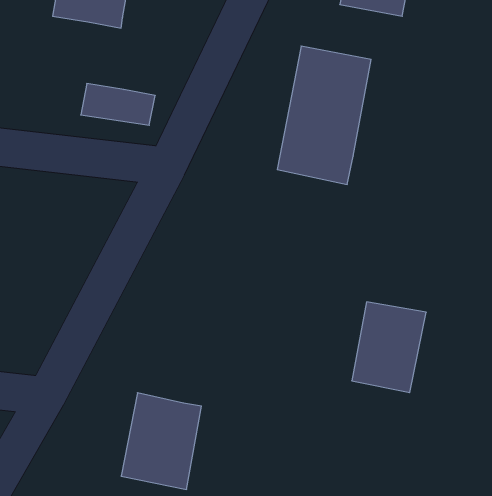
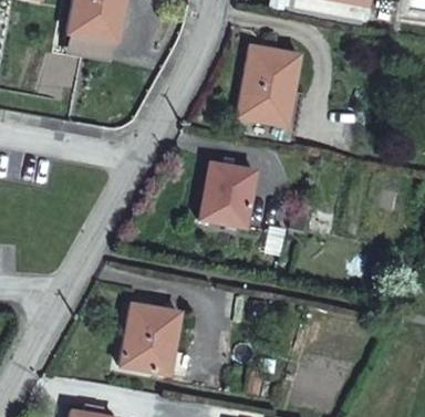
building: [81,84,155,125] -> [65,22,121,53]
building: [352,302,426,393] -> [199,161,255,229]

